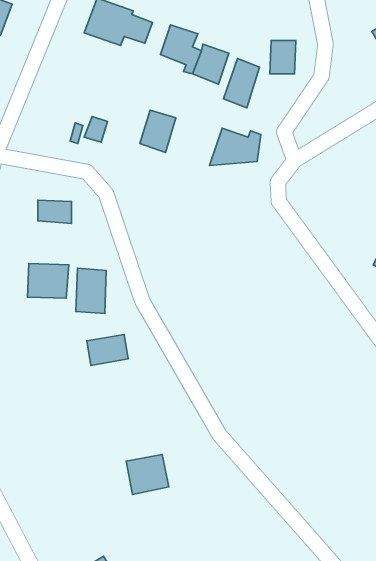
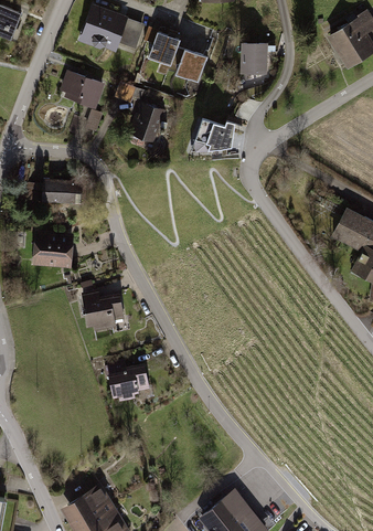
building: [224,59,259,108] -> none
building: none -> [63,73,102,106]
building: [76,268,106,314] -> none
building: [126,455,169,495] -> [109,363,146,397]

